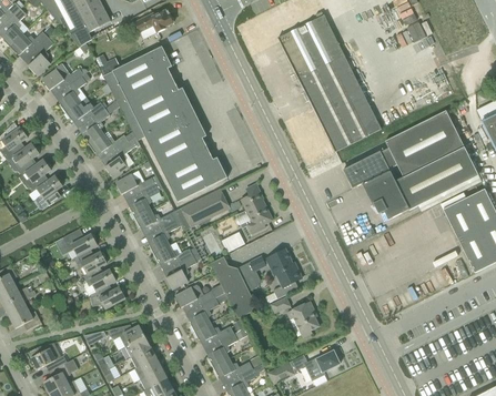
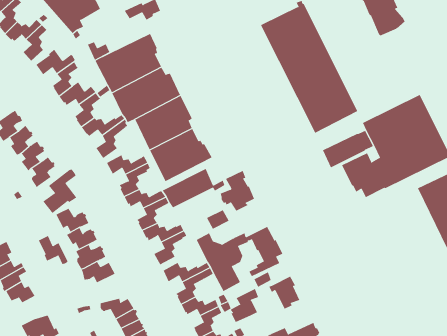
building: none -> [42,169,77,214]
building: none -> [38,235,68,265]
building: none -> [230,288,259,323]

